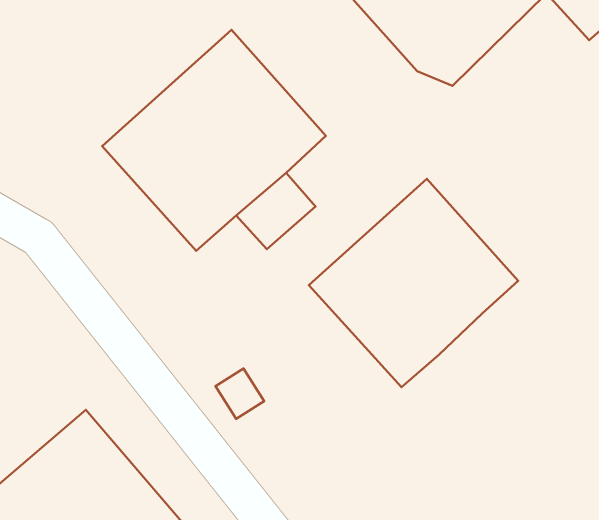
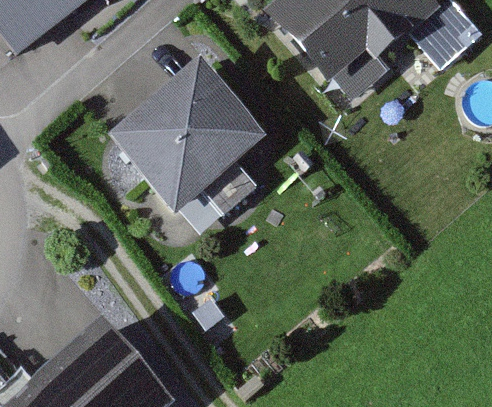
building: [309,179,518,387] -> none

